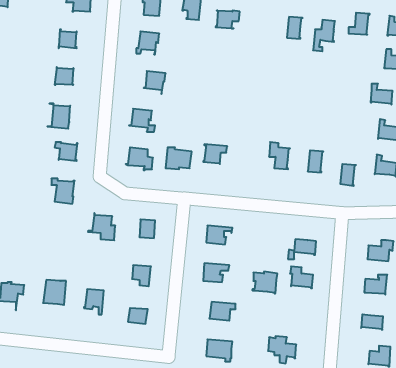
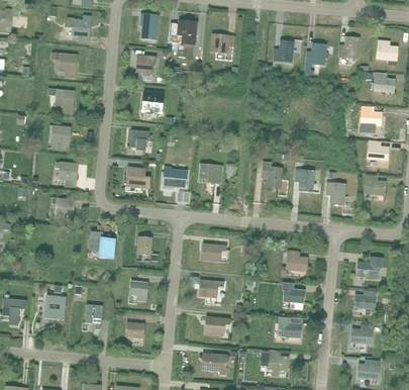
building: [252,272,277,293] -> [278,316,302,337]

